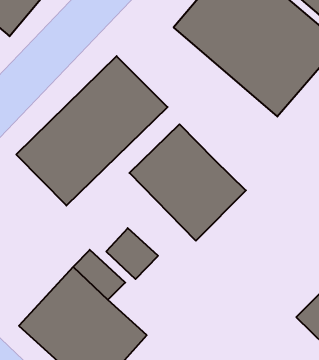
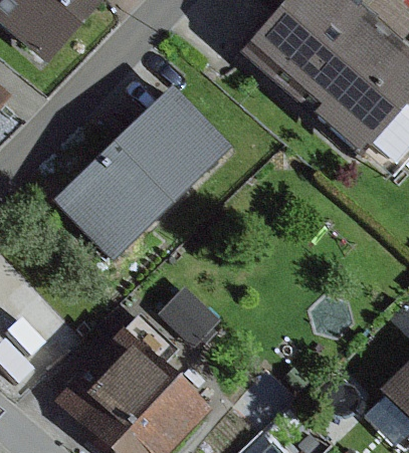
building: [129,124,246,241] -> none

